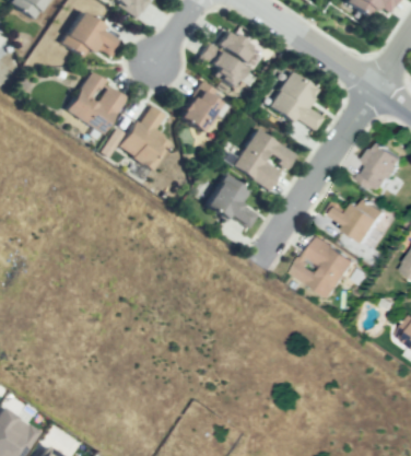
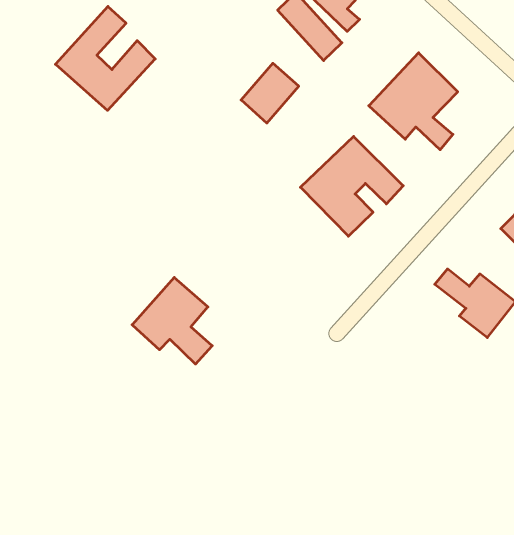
building: [120,105,171,164] -> none
building: [208,175,260,227] -> [132,277,212,364]
building: [295,236,354,297] -> none

